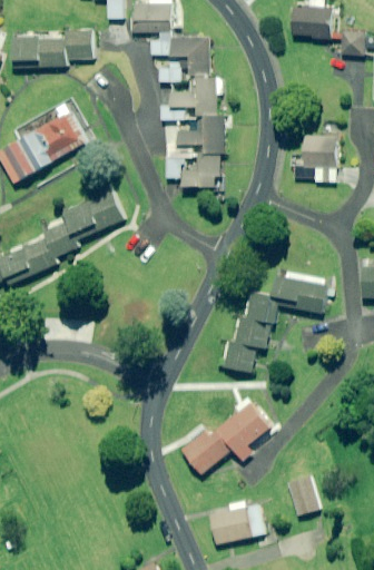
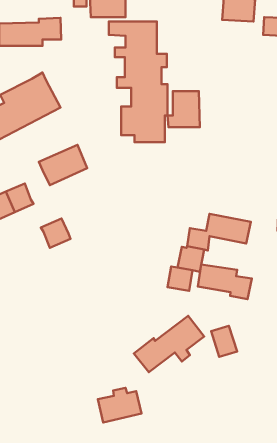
building: [296,137,336,181] -> [168,91,200,127]
building: [42,222,79,258] -> [41,218,70,248]
building: none -> [198,265,252,299]
building: [286,476,318,515] -> [211,326,237,357]
building: [209,501,264,544] -> [98,388,142,423]

